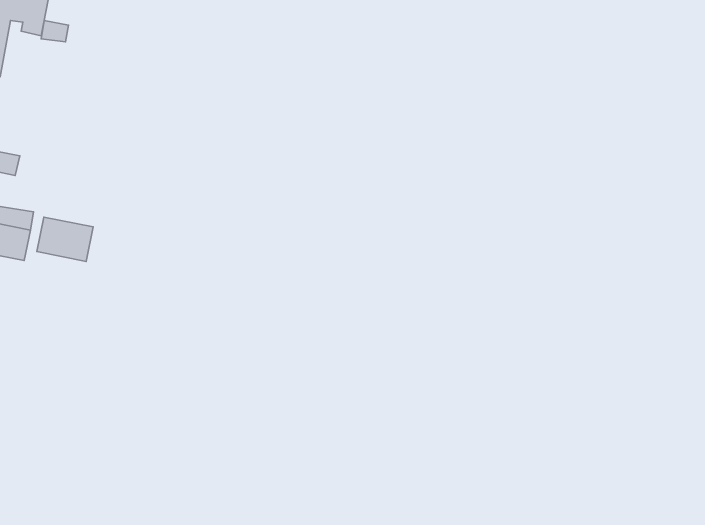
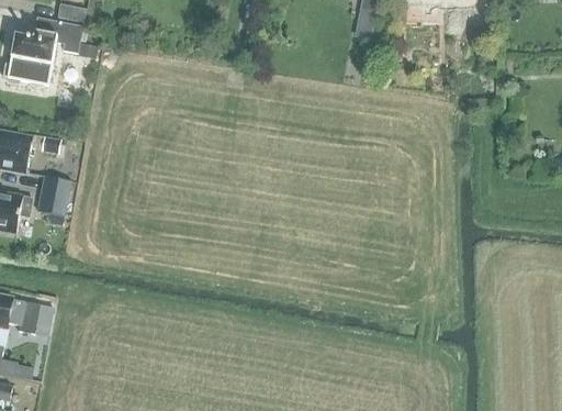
building: [37,217,93,261] -> none

